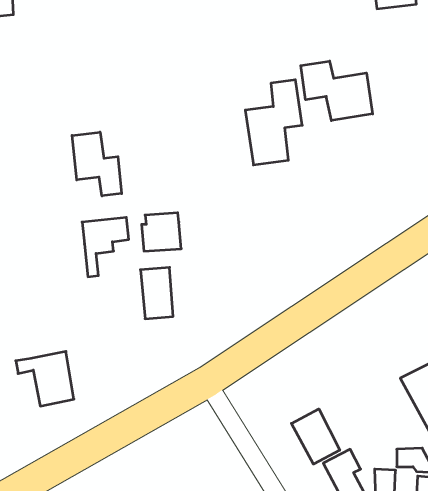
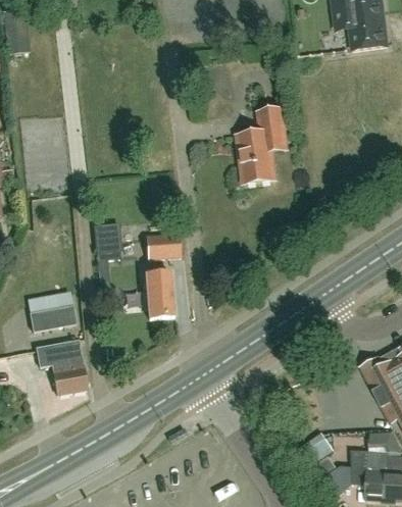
building: [301,61,373,121] -> none
building: [72,132,122,196] -> none
building: none -> [29,303,77,331]
building: [291,409,340,464] -> none

